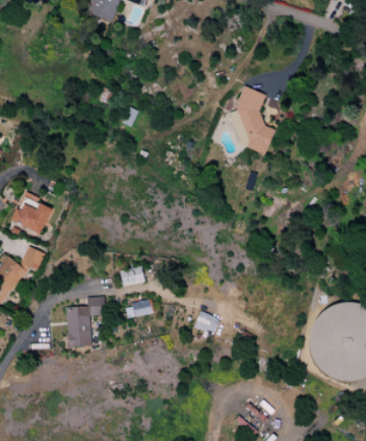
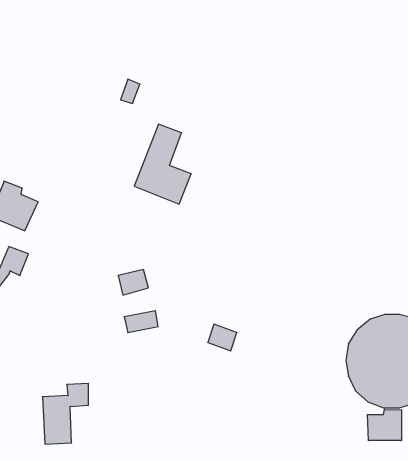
building: [227,87,274,154] -> [134,124,191,204]
building: [66,296,105,346] -> [42,383,88,444]
building: none -> [367,409,401,441]

